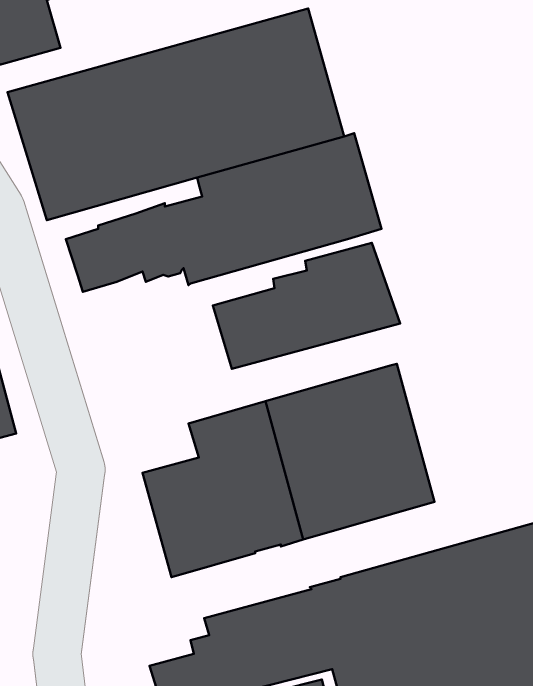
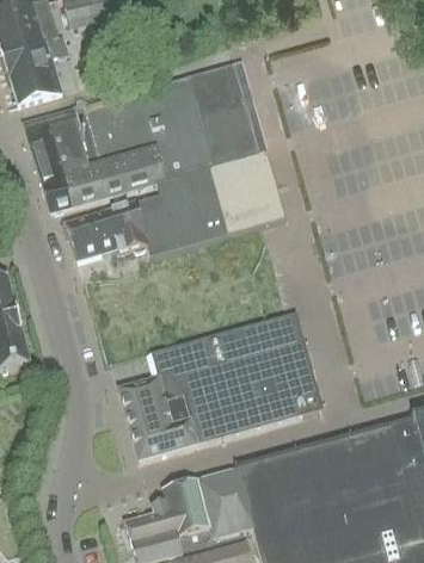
building: [213,243,400,369] -> none

